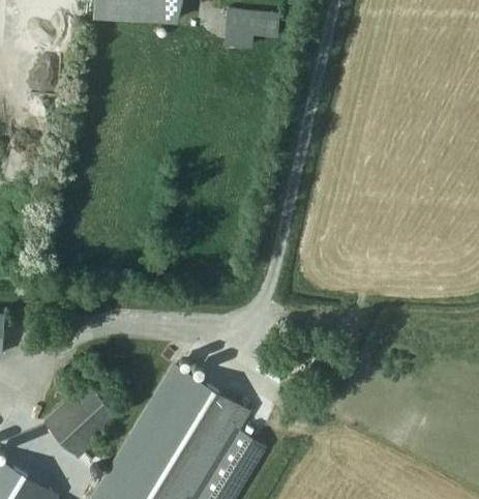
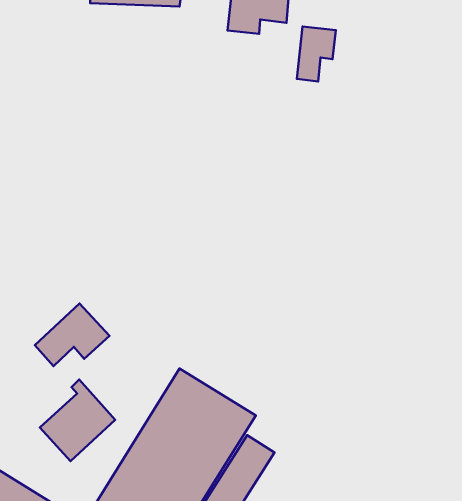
building: none -> [297,26,336,82]
building: none -> [35,303,109,366]

